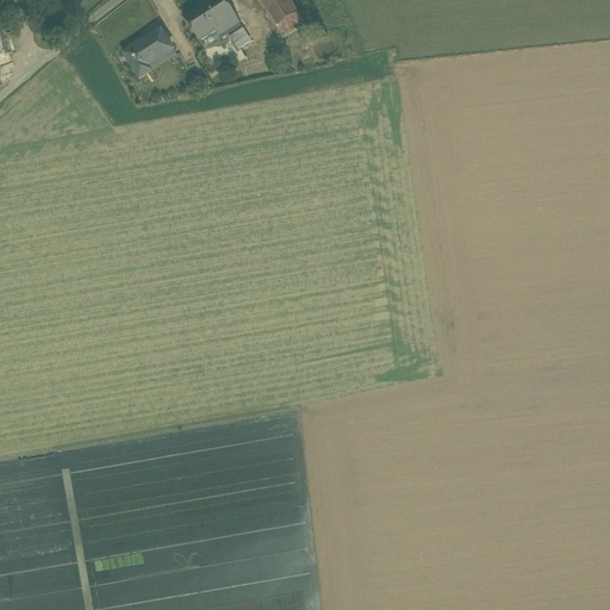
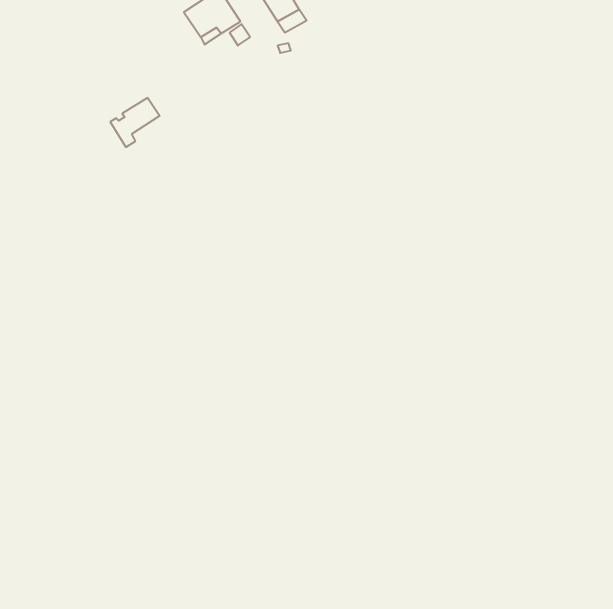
building: [123,26,172,75] -> [110,98,160,147]

